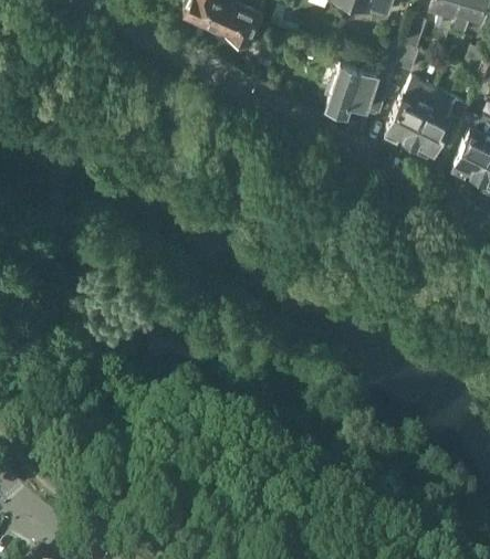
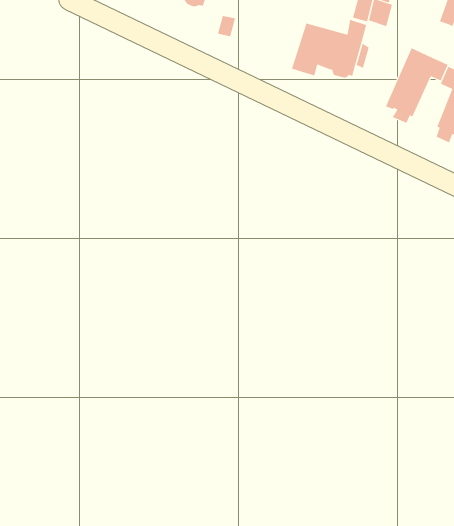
building: [385,80,436,144] -> none

